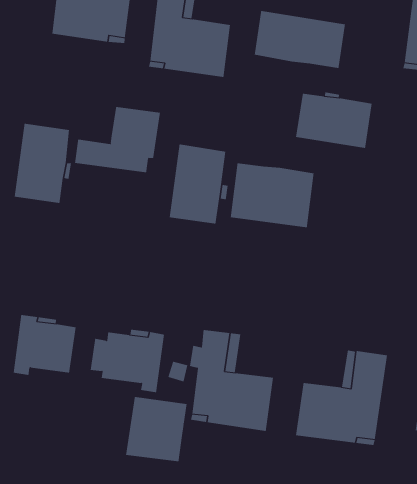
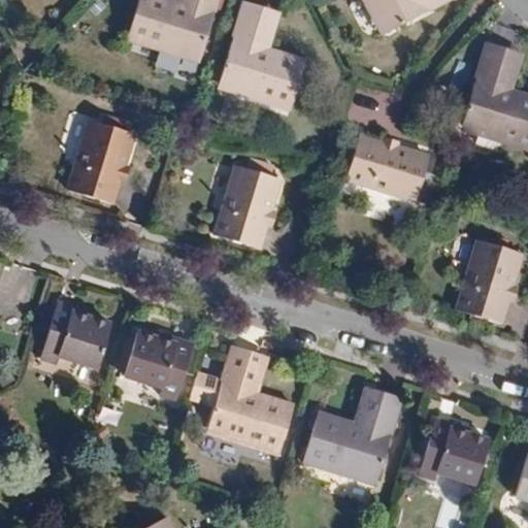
building: [254,10,345,69] -> none
building: [75,106,161,173] -> none
building: [230,162,314,228] -> none
building: [126,396,187,462] -> none

